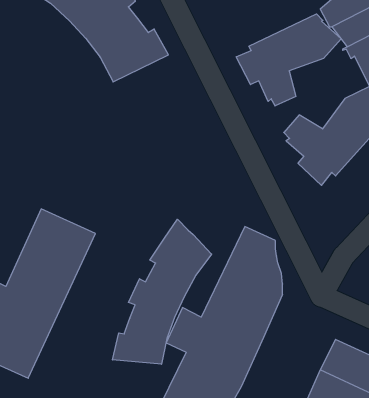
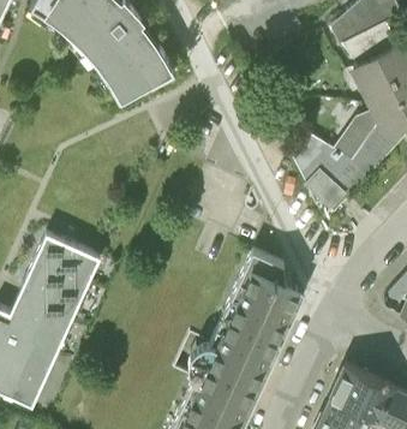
building: [236,14,341,106] -> none
building: [113,219,212,364] -> none

